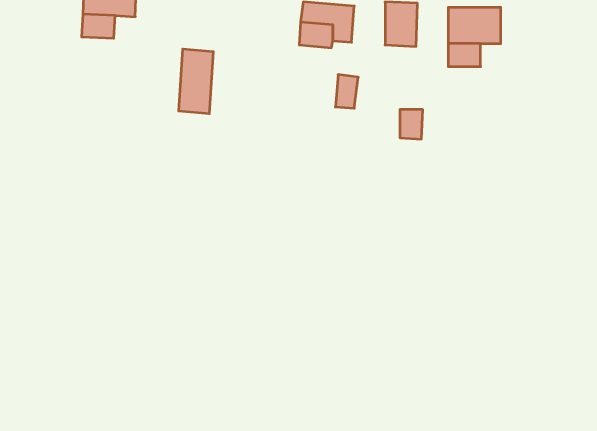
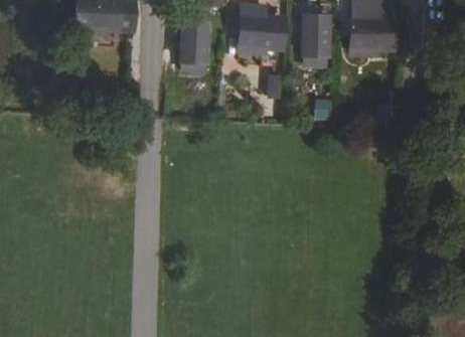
building: [179,49,213,114] -> [182,20,208,68]

